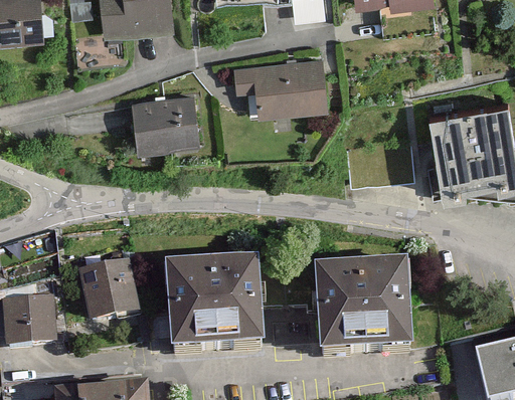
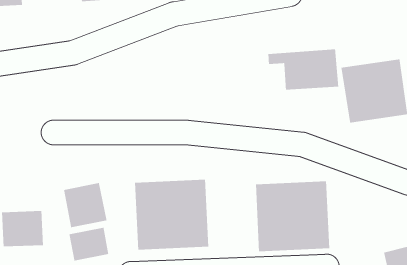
building: [234,63,324,116] -> [267,49,339,90]
building: [133,99,197,154] -> none
building: none -> [68,227,109,261]

